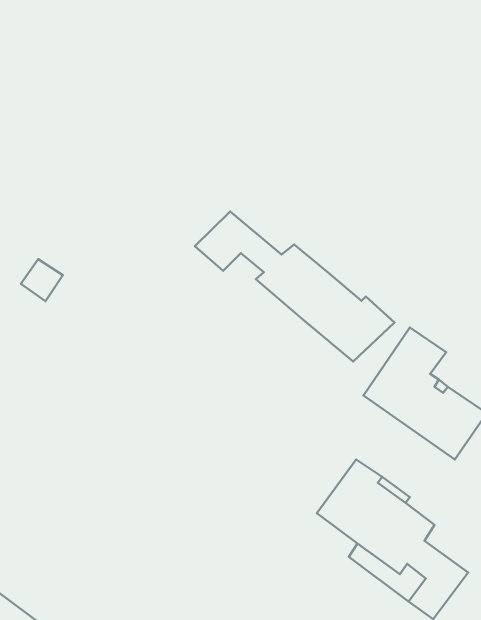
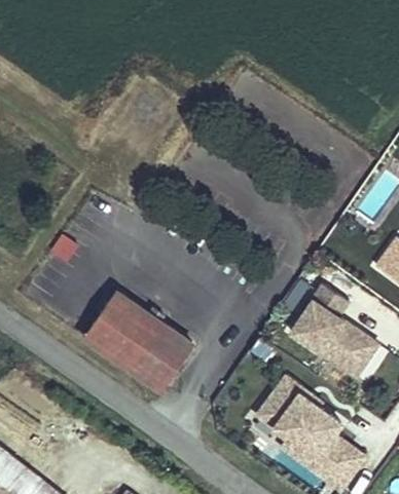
building: [195,211,395,362] -> none
building: none -> [85,292,193,390]

